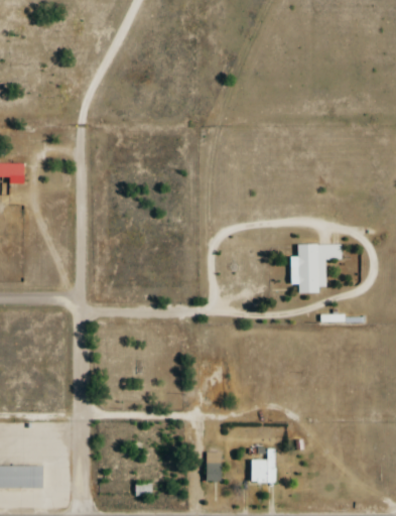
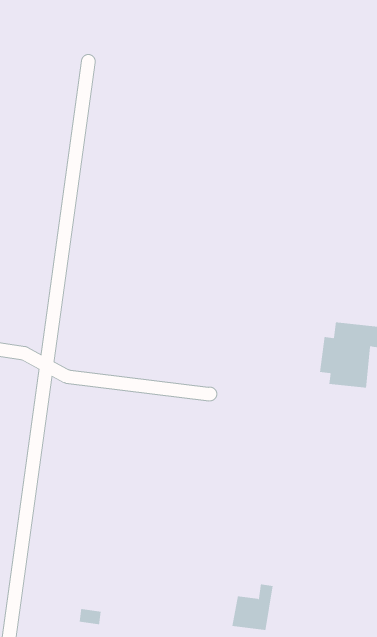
building: [207,453,222,481] -> none

